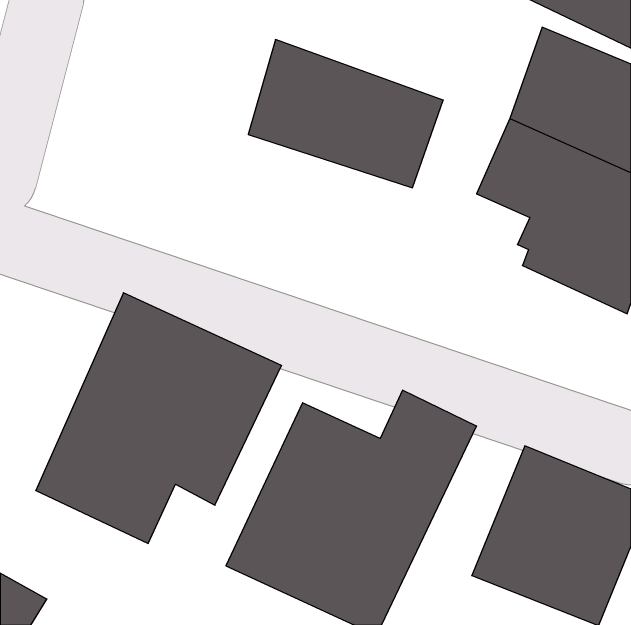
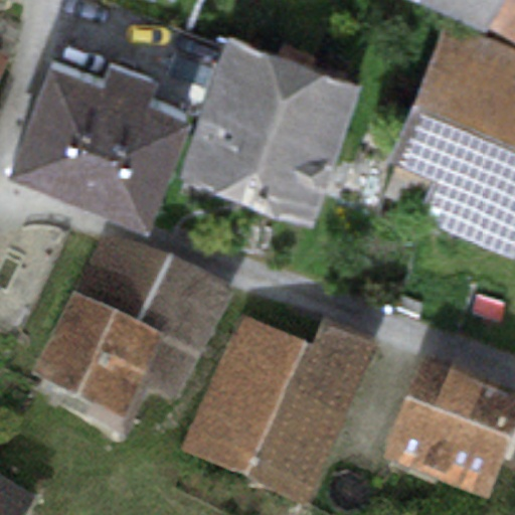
building: none -> [5,57,192,230]
building: none -> [179,110,336,223]

